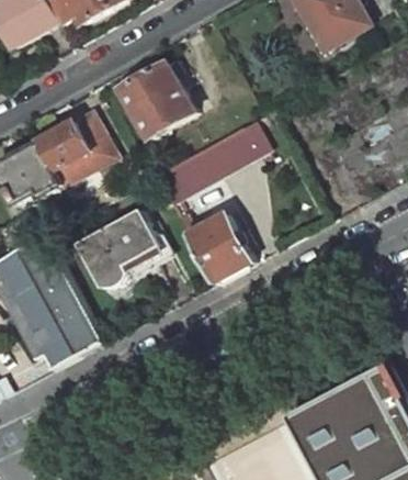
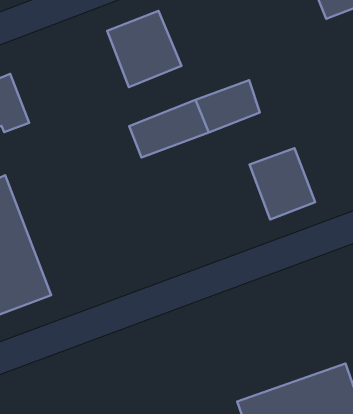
building: [35,112,114,185] -> none
building: [76,209,163,287] -> none
building: [185,214,251,283] -> [250,148,315,220]

